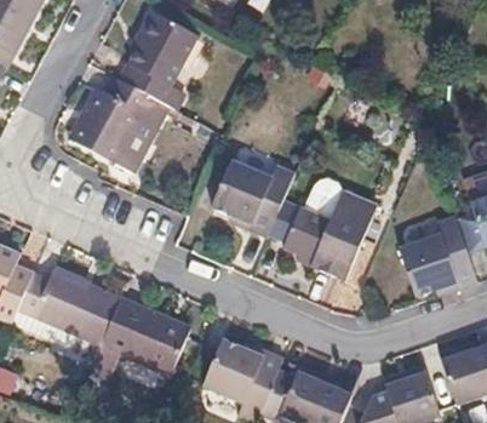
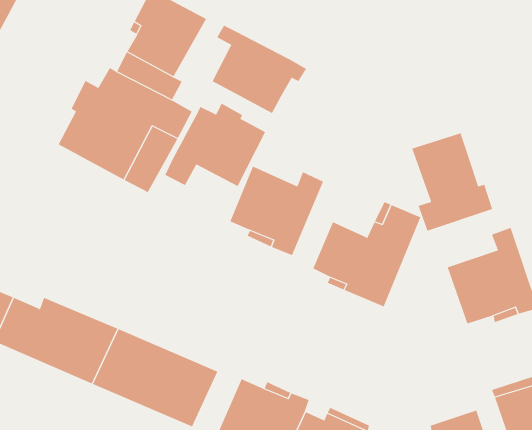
building: none -> [212,25,307,114]
building: none -> [164,103,266,187]
building: none -> [411,133,493,231]

